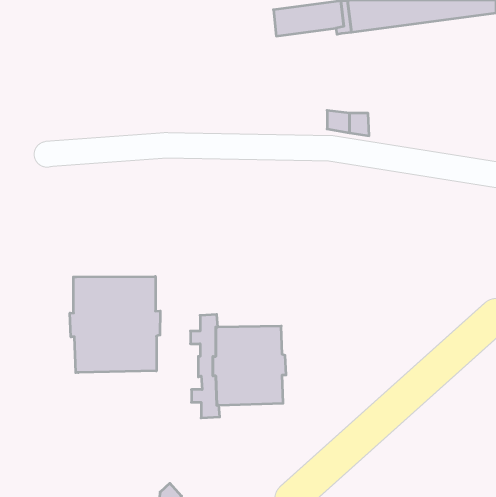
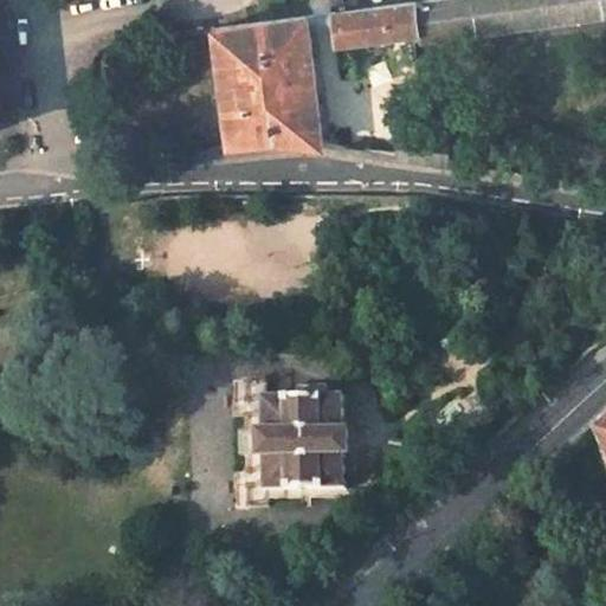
building: none -> [214,18,320,148]
building: [70,276,160,373] -> none

